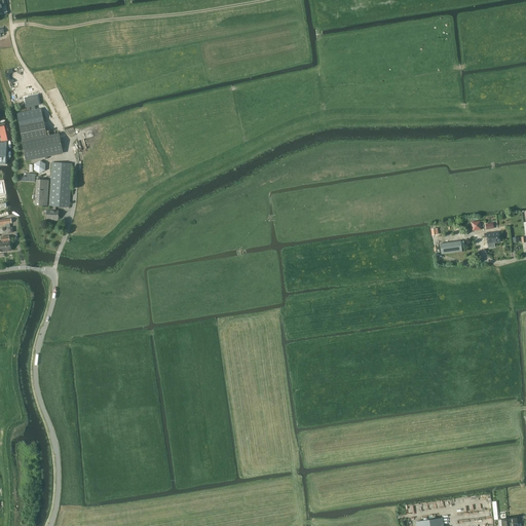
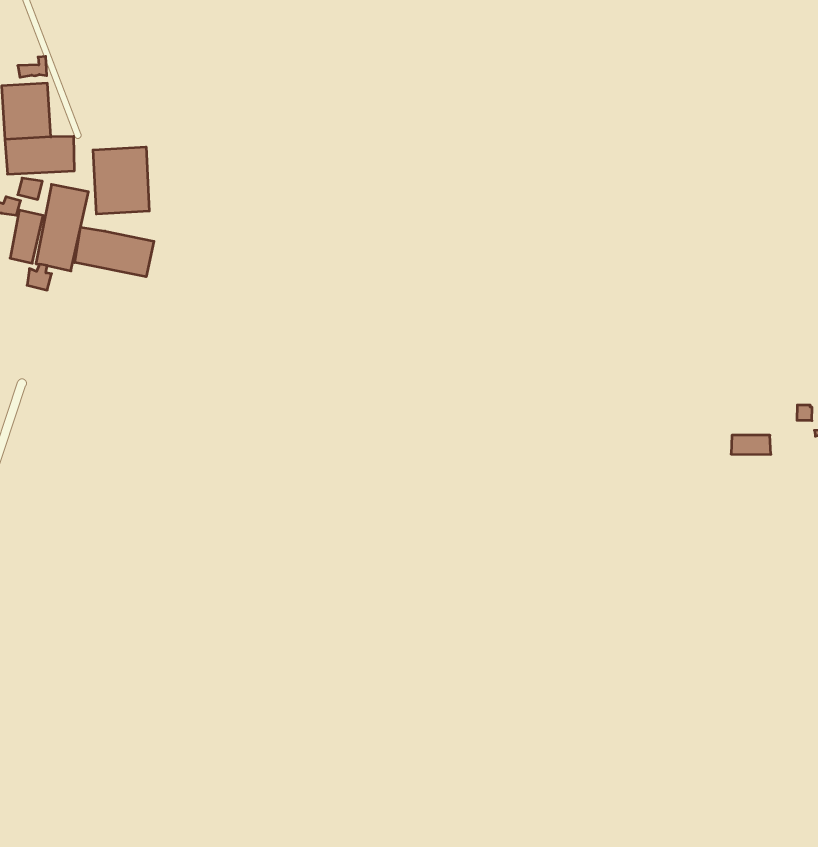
building: none -> [93,147,149,214]
building: none -> [75,227,154,277]

